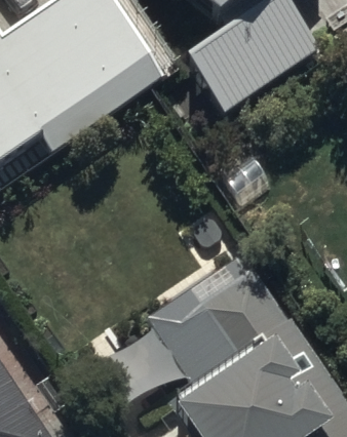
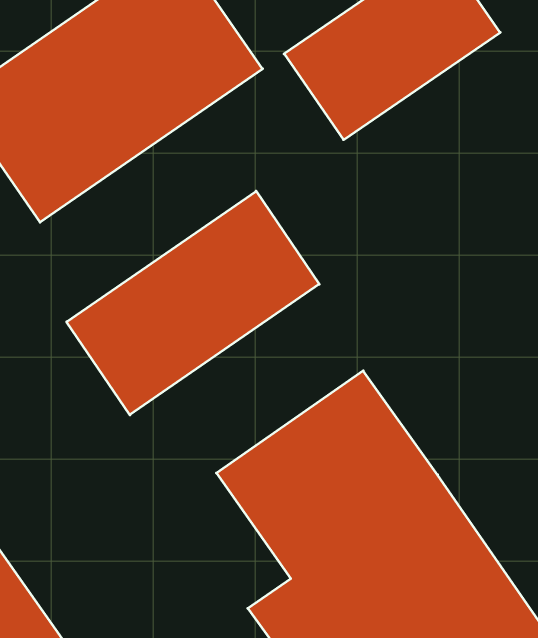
building: none -> [67,191,319,415]

